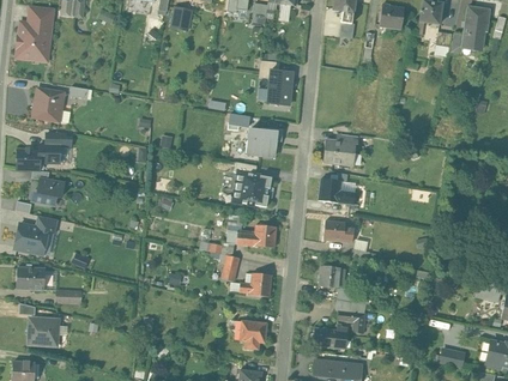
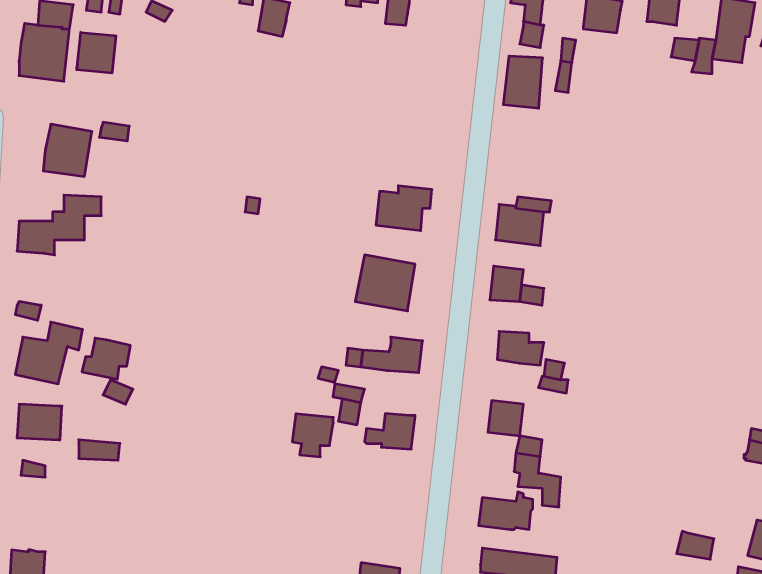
building: none -> [77,32,116,73]
building: [267,71,292,104] -> [503,56,543,108]
building: [32,179,64,205] -> [82,338,130,379]
building: [29,318,59,345] -> none
building: [241,321,267,349] -> [292,414,333,457]

